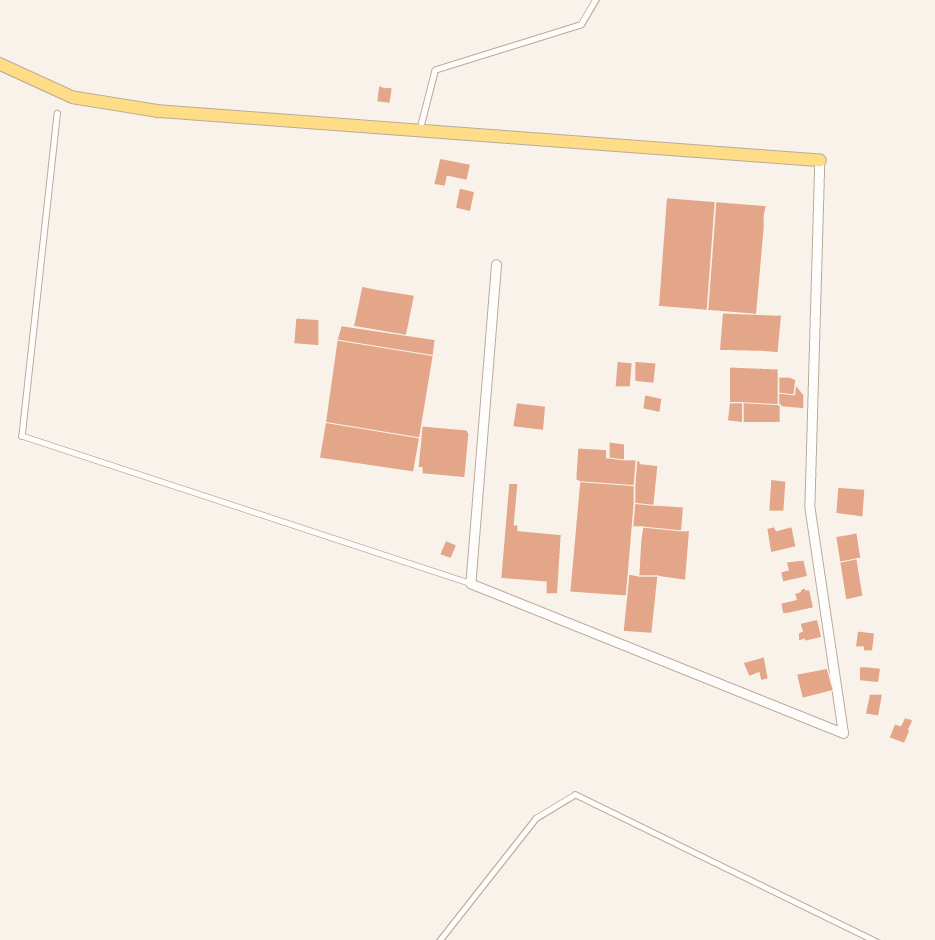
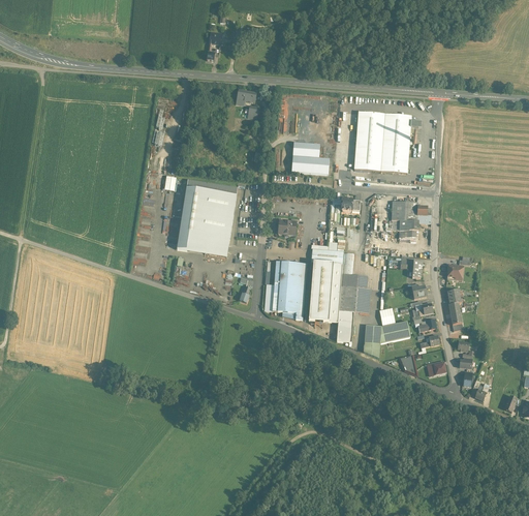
building: none -> [291,144,328,175]
building: [353,286,415,335] -> none
building: [719,313,781,353] -> none
building: [418,426,469,477] -> [278,263,305,290]
building: none -> [363,320,409,358]

